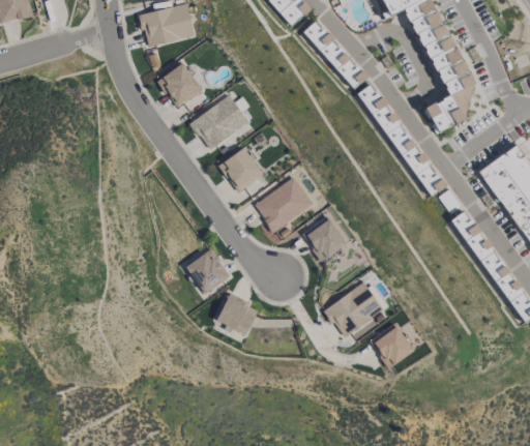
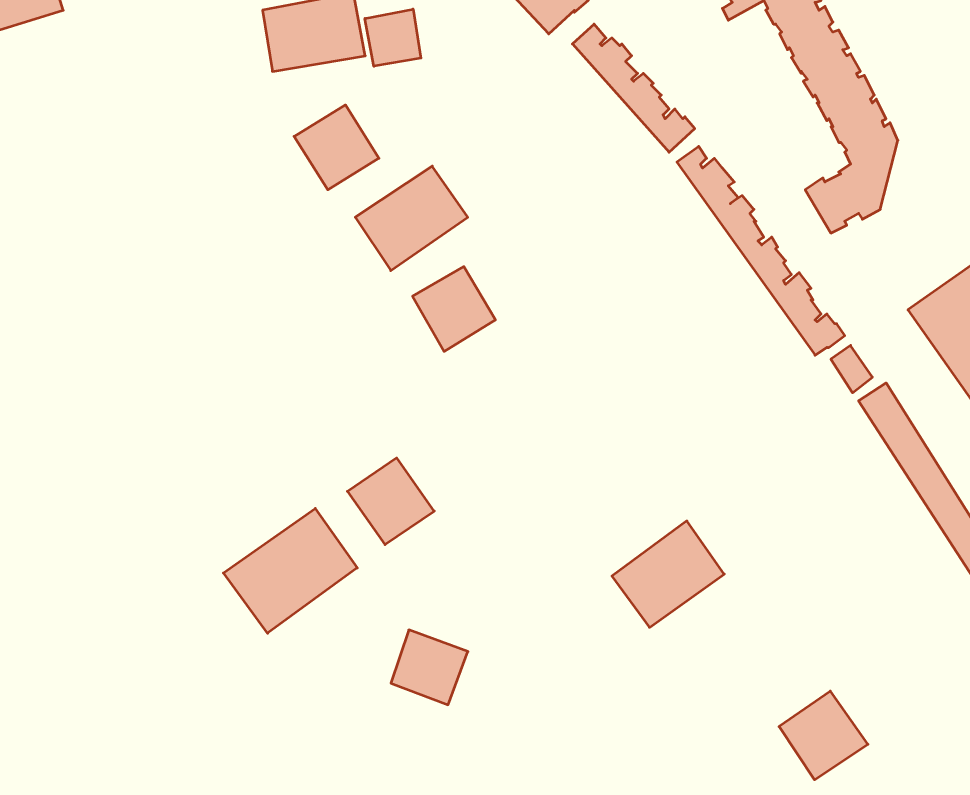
building: none -> [365,9,421,66]
building: [254,178,313,231] -> none
building: [302,216,346,261] -> none
building: none -> [223,508,357,633]
building: [217,295,258,334] -> [391,630,468,705]
building: [370,322,416,368] -> [779,691,868,780]

